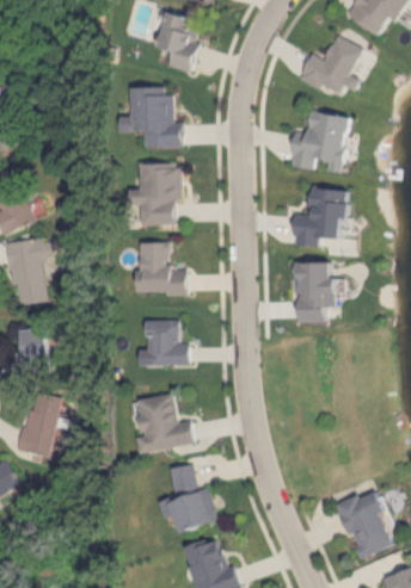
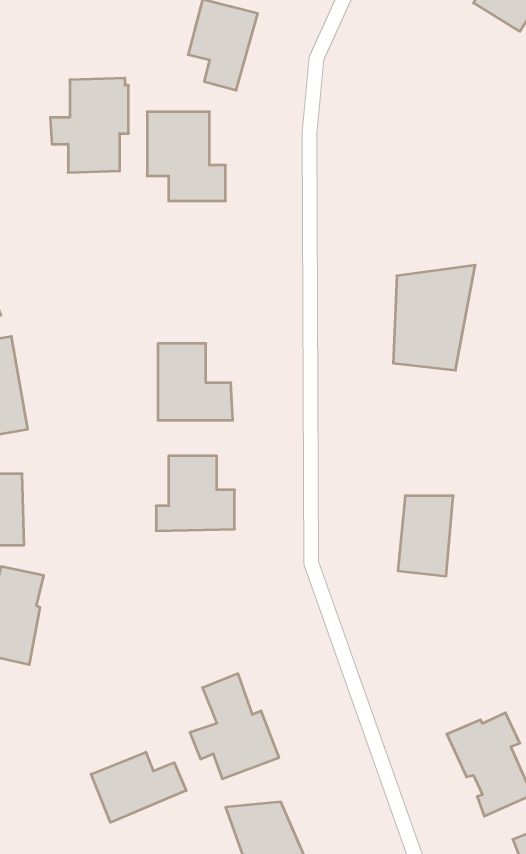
building: [297,30,360,92] -> none
building: [296,117,350,180] -> none
building: [125,160,178,223] -> [50,78,129,173]
building: [295,271,332,324] -> [398,496,453,576]
building: [133,392,191,452] -> none
building: none -> [91,752,186,822]

